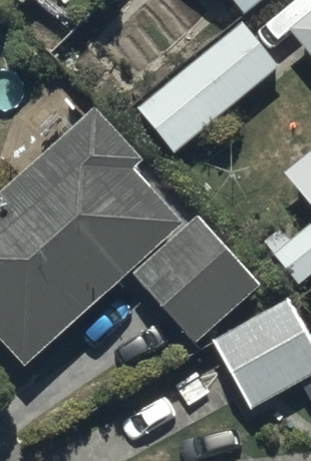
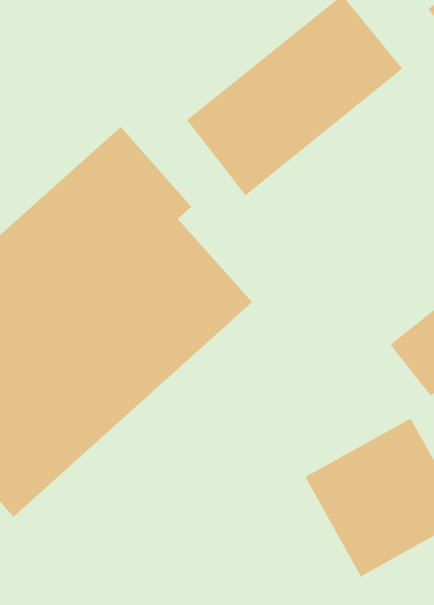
building: [133,215,258,340] -> none

